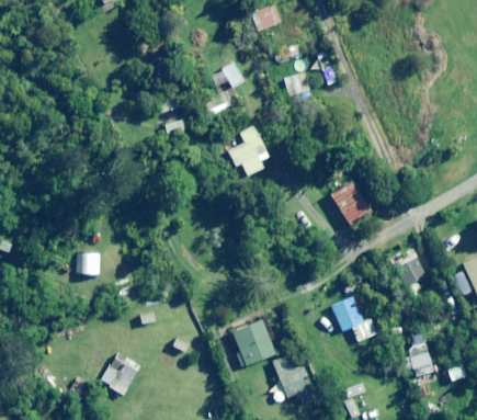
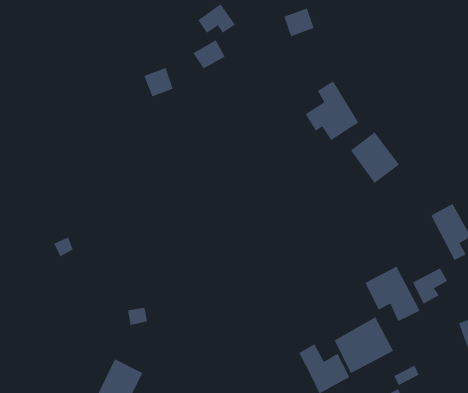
building: [227,125,272,175] -> [305,80,359,141]
building: none -> [412,268,448,304]
building: [231,321,273,366] -> none
building: none -> [334,317,394,374]

